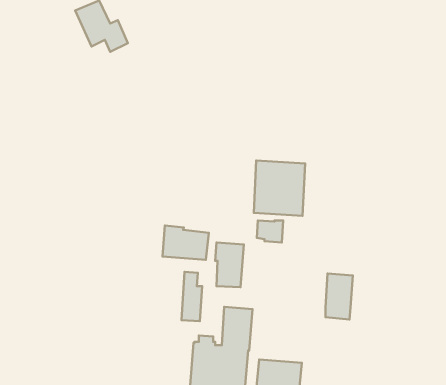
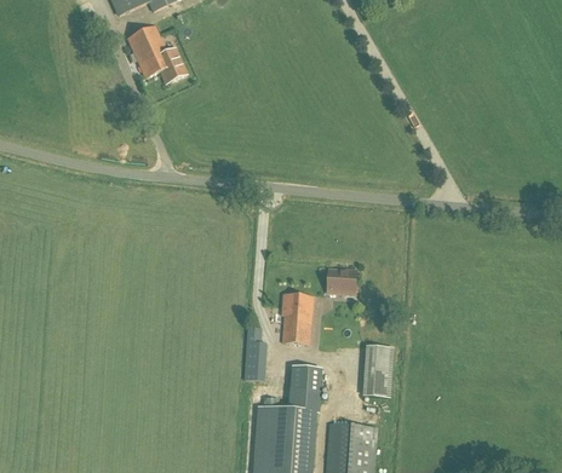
building: [254,161,305,216] -> none
building: [163,226,209,260] -> none
building: [325,273,353,319] -> [363,346,394,397]

